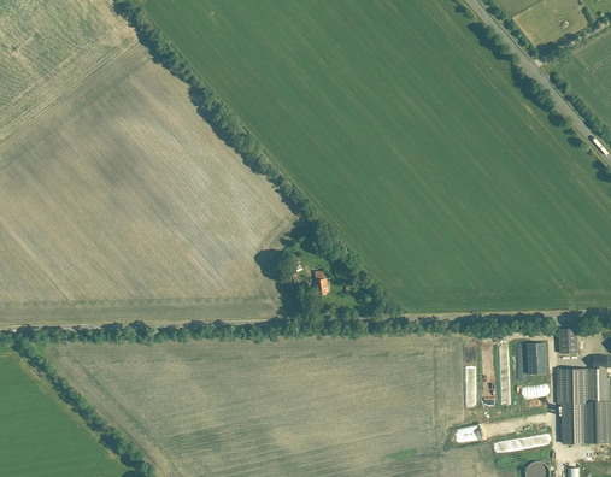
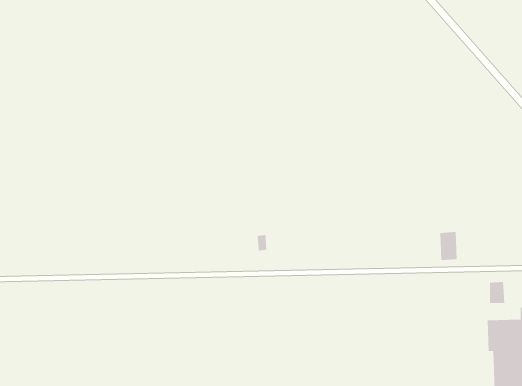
building: [525,342,545,373] -> [439,231,458,261]

